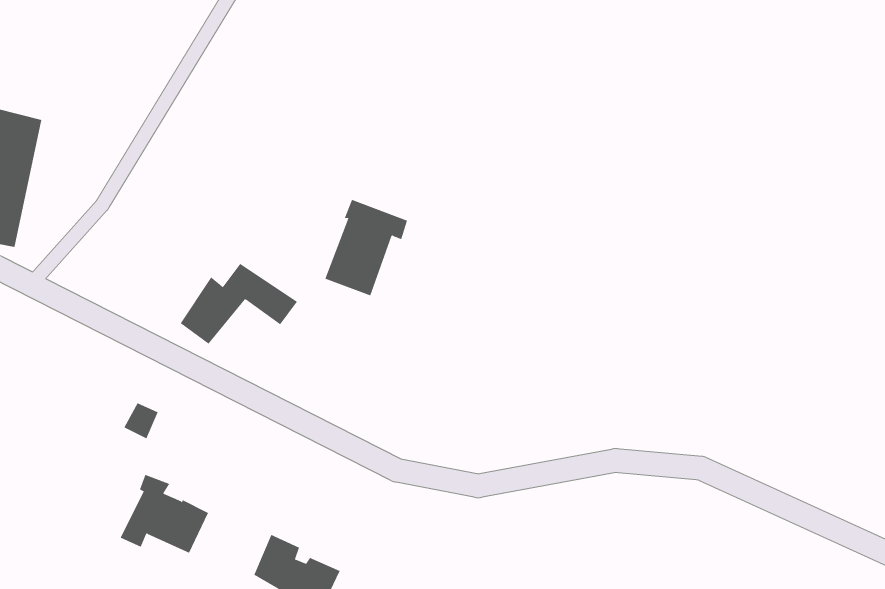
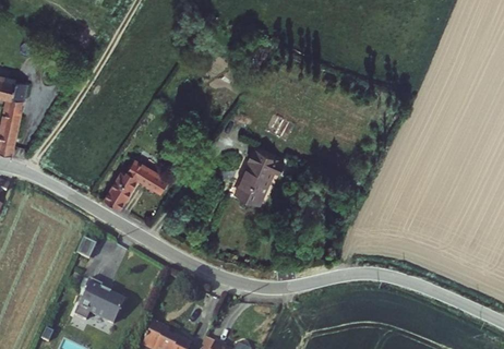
building: [324,199,408,296] -> [231,149,278,204]

